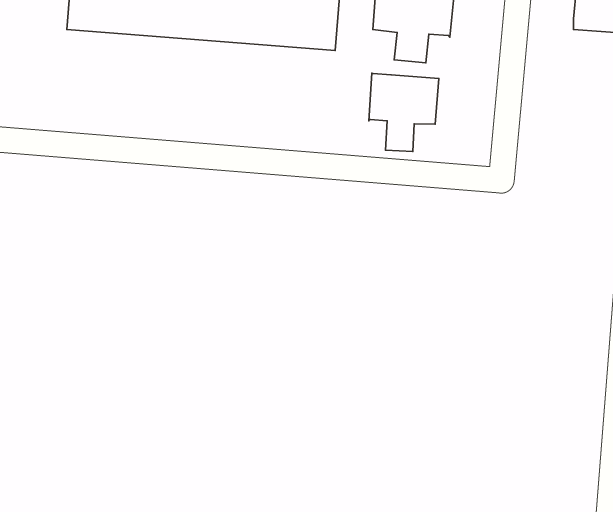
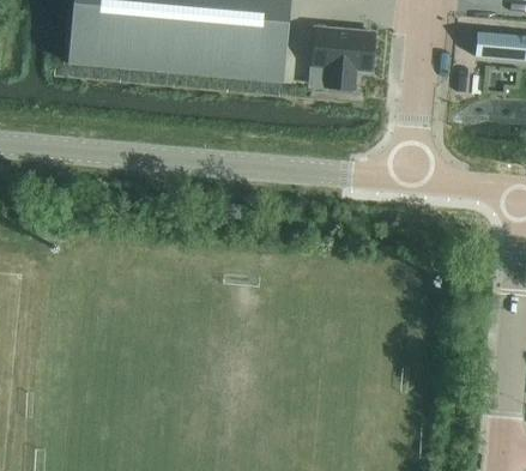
building: [369,73,439,152] -> none

